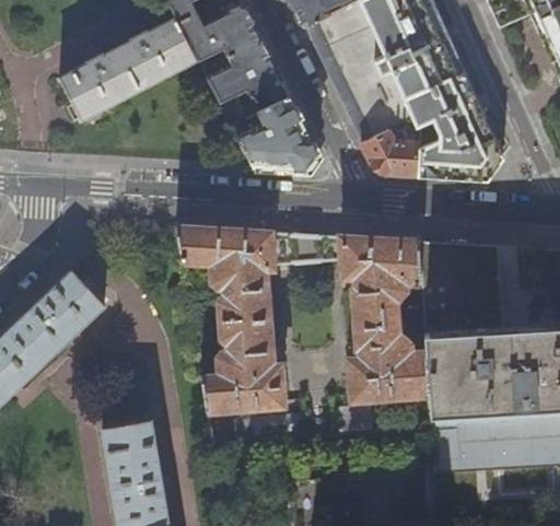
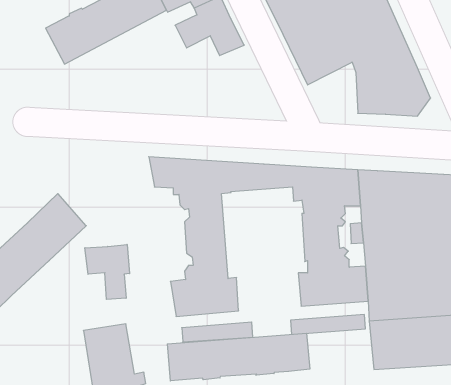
building: [232,97,317,168] -> none
building: [361,117,419,176] -> none
building: none -> [85,244,130,299]
building: none -> [167,333,310,381]

